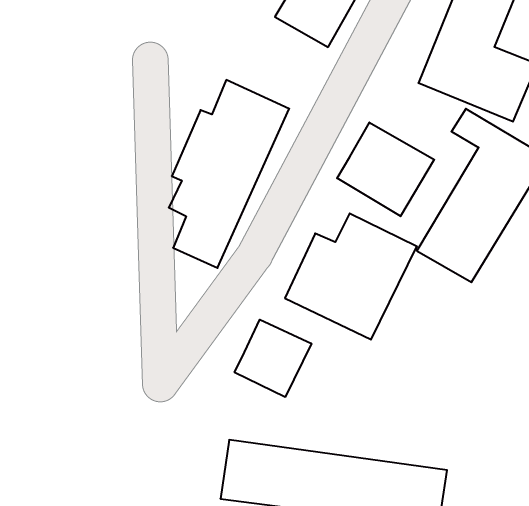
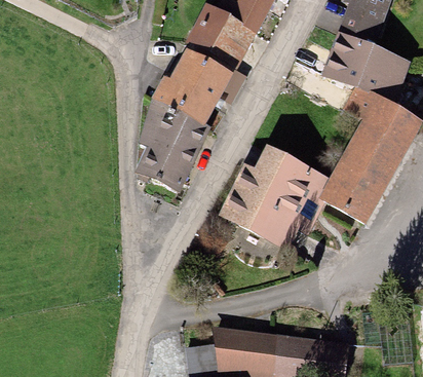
building: none -> [190,13,257,76]
building: [337,122,434,216] -> none
building: [235,320,311,397] -> none

